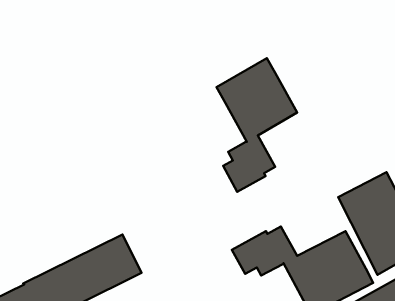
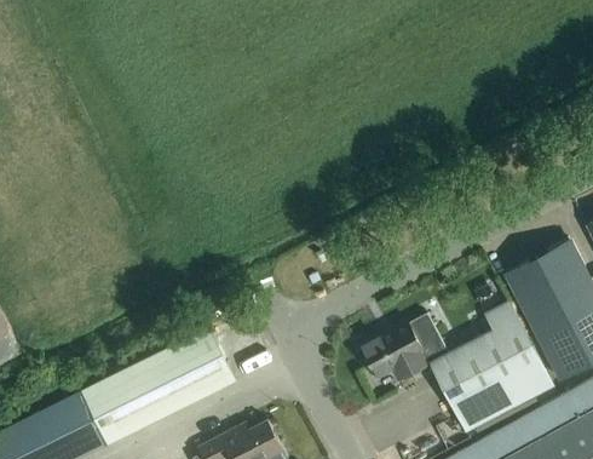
building: [216,58,297,192] -> none

